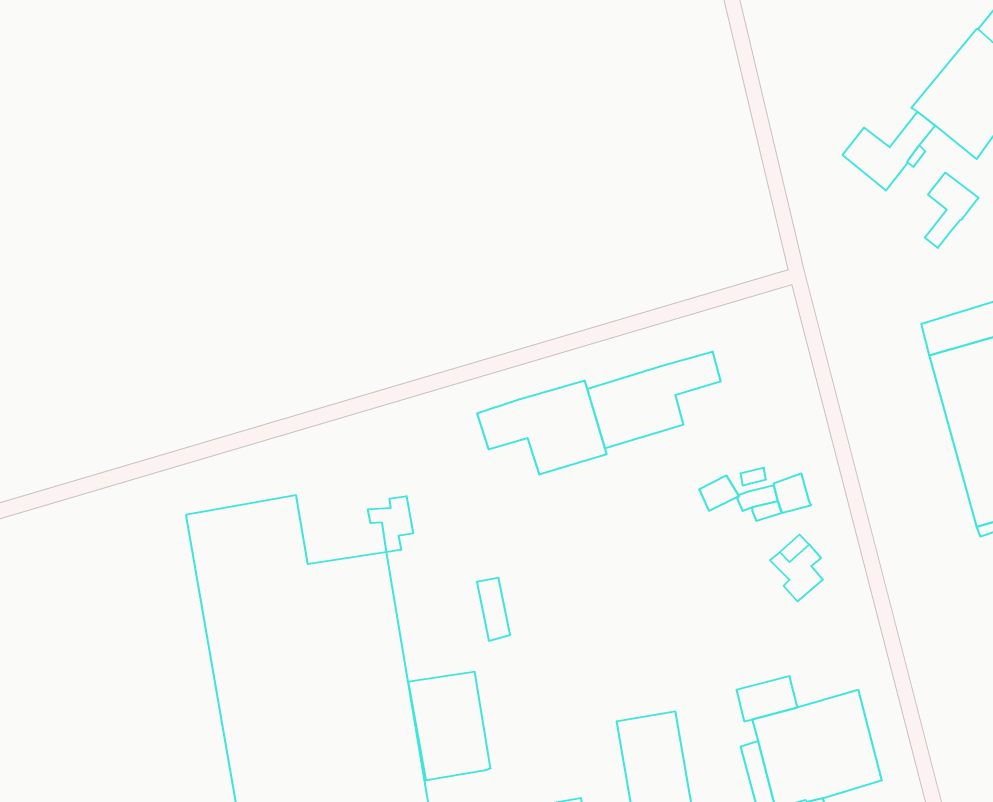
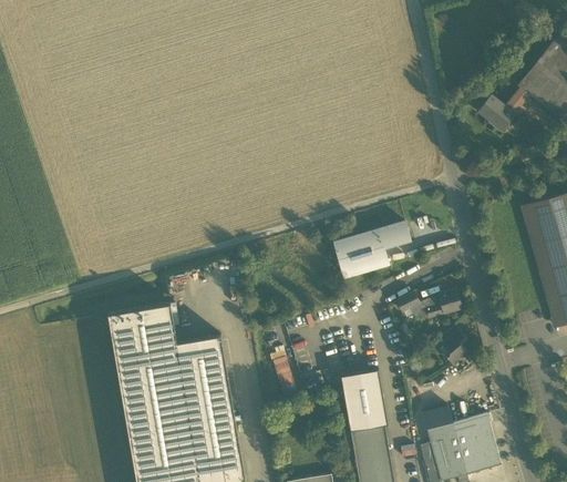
building: [925,173,979,248] -> none
building: [477,380,607,475] -> none
building: [368,496,413,552] -> none
building: [408,672,491,780] -> [340,370,386,431]

